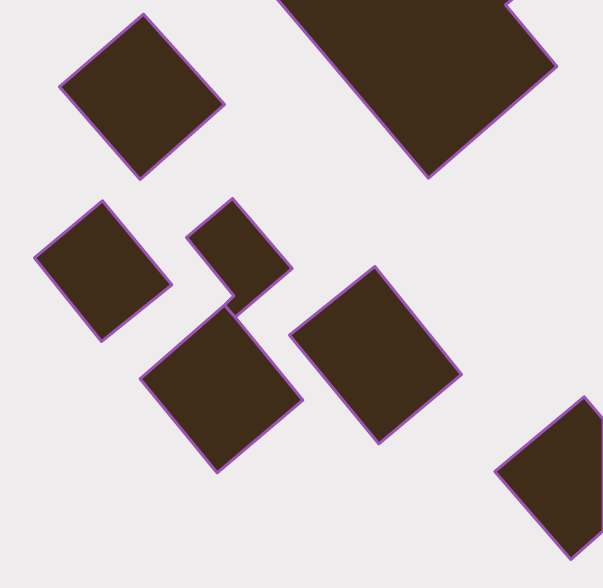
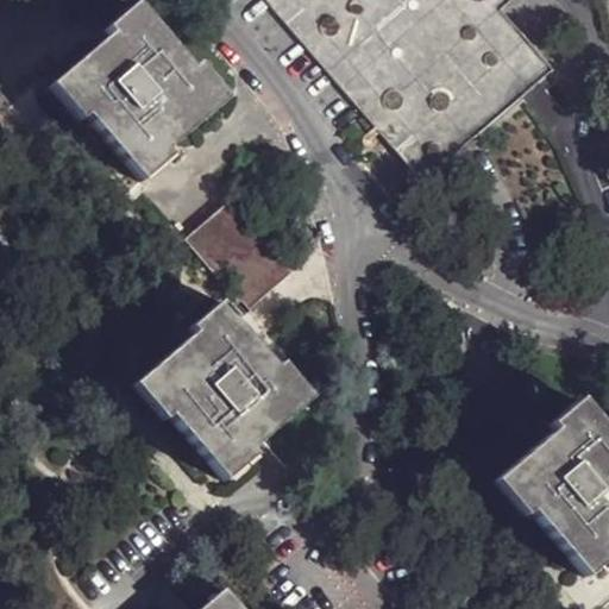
building: [34,201,172,342] -> none
building: [290,266,462,444] -> none

